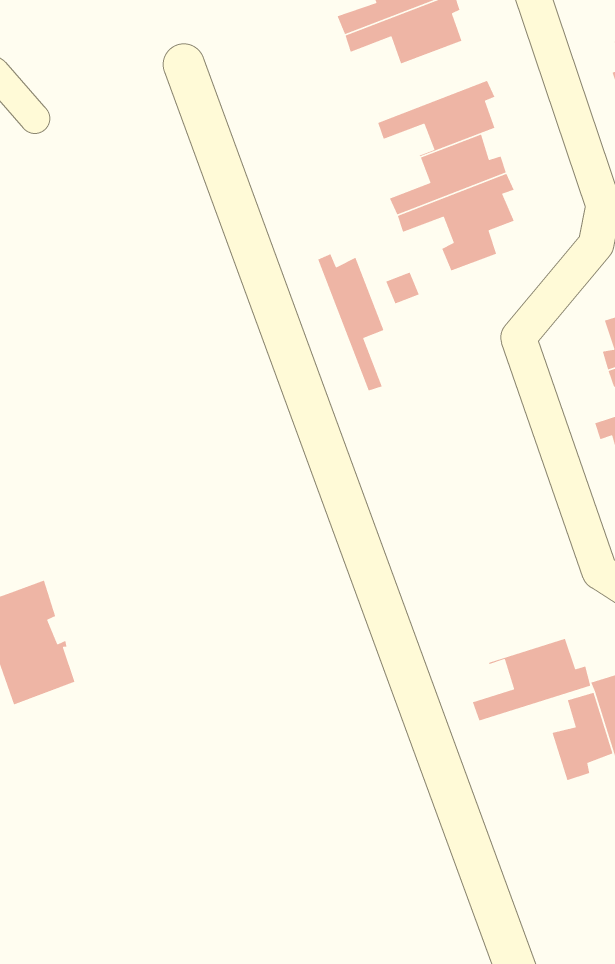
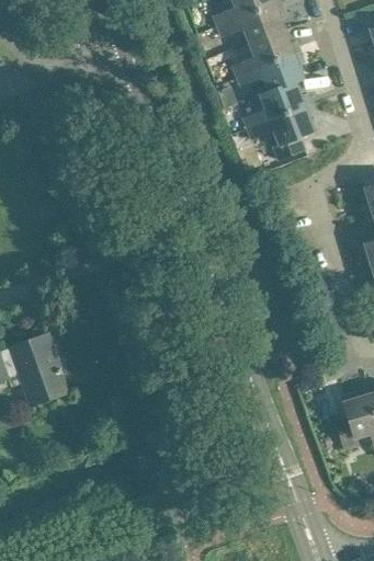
building: none -> [233,28,299,75]
building: [317,240,384,391] -> none
building: [472,638,591,721] -> none

